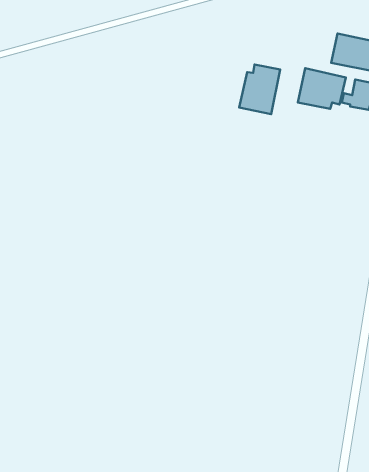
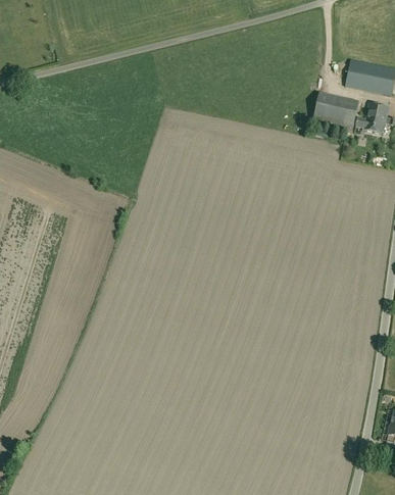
building: [239,65,280,114] -> none

